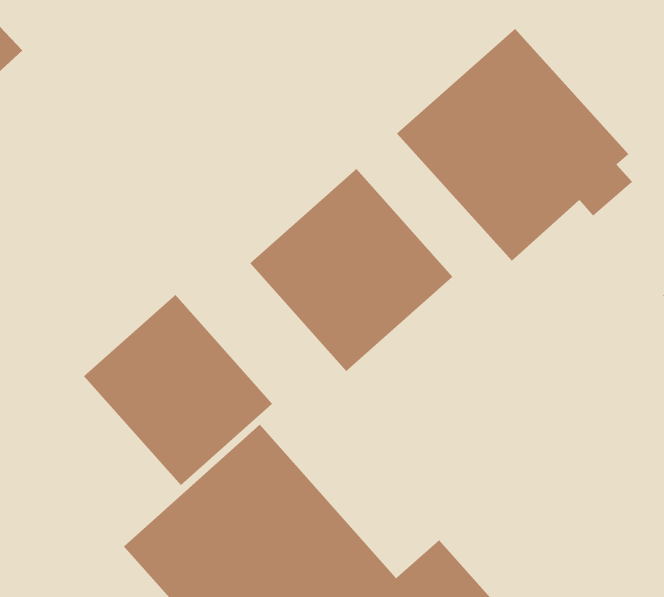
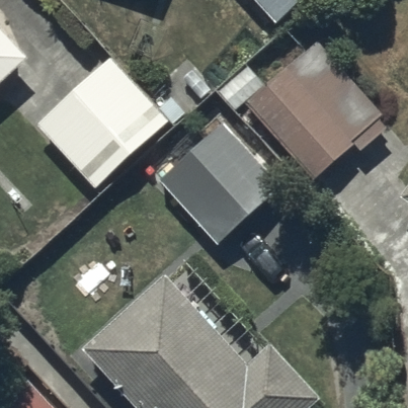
building: none -> [38,57,168,186]
building: [83,294,273,486] -> none

